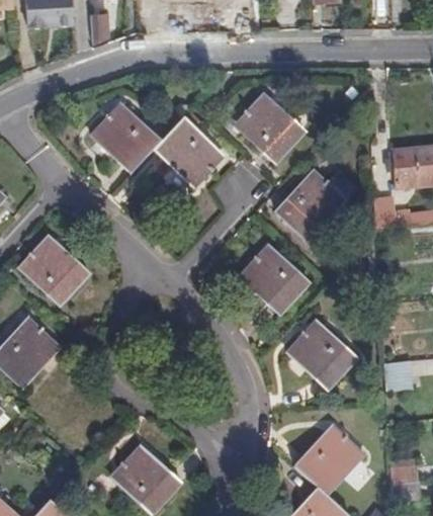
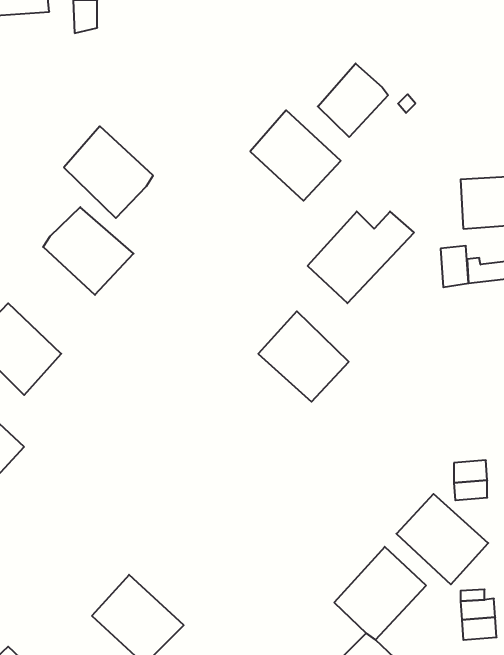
building: none -> [318,63,388,137]
building: [153,119,222,186] -> [43,207,134,295]
building: [286,321,356,390] -> [396,494,488,584]

